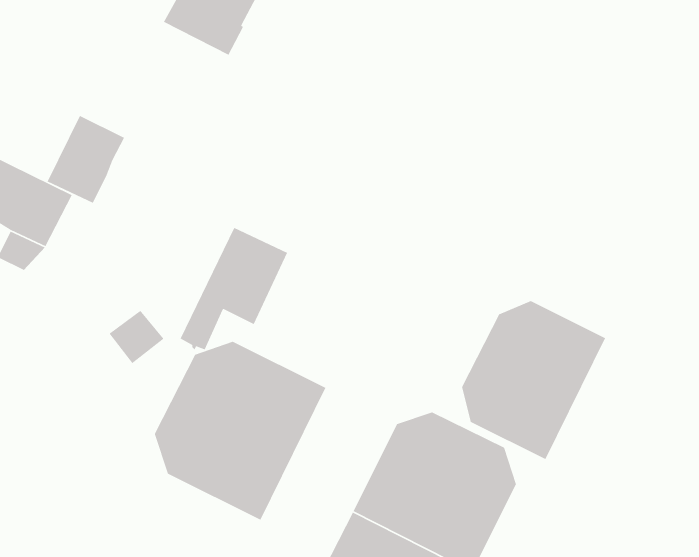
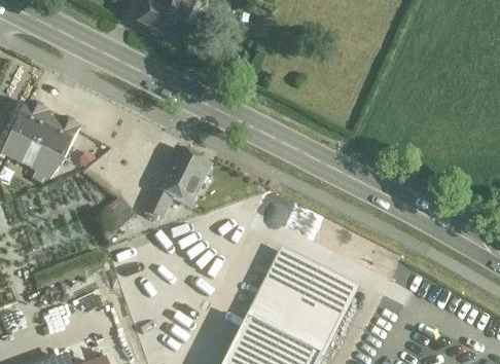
building: [47,115,125,204] -> none
building: [461,300,606,460] -> none
building: [154,341,327,521] -> none

